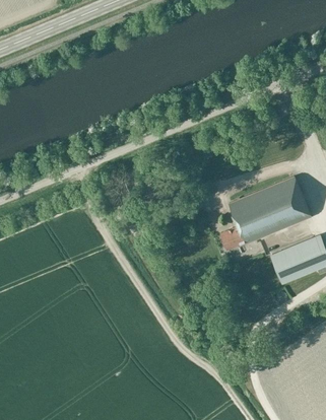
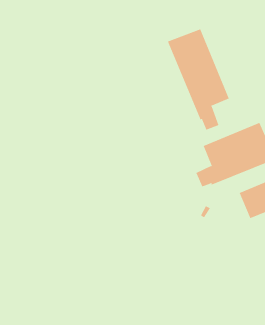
building: none -> [167,29,230,131]

